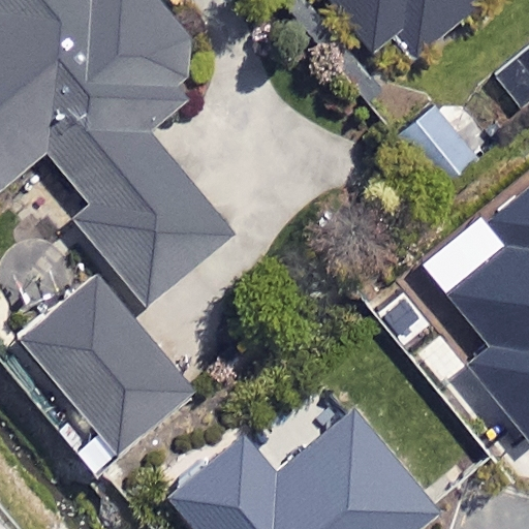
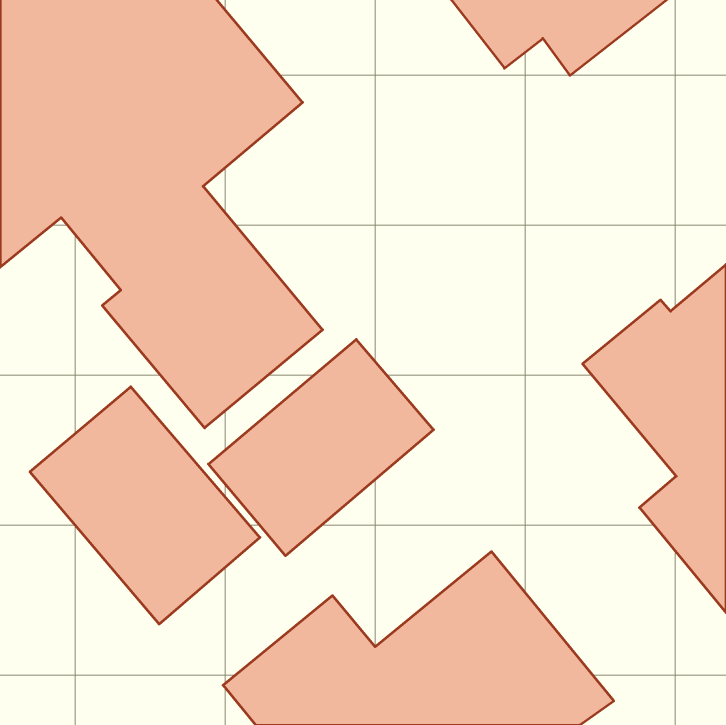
building: none -> [208,339,434,556]

